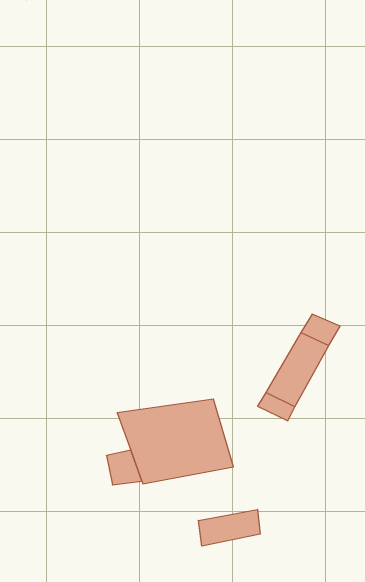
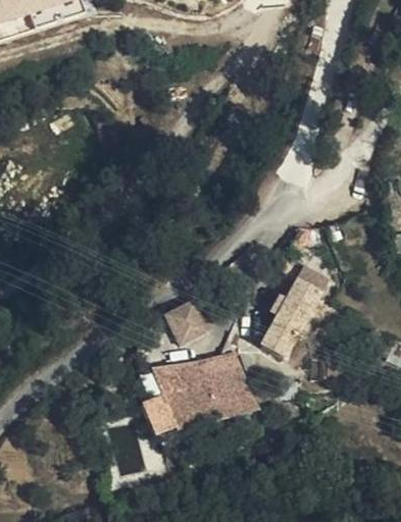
building: none -> [159,303,205,343]
building: [198,509,260,546] -> none

